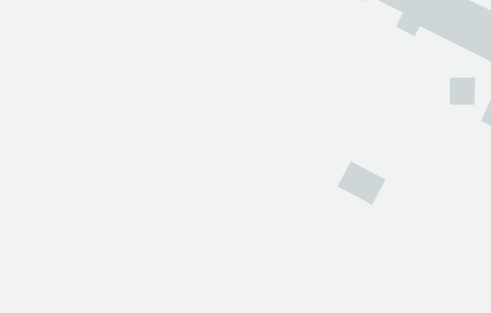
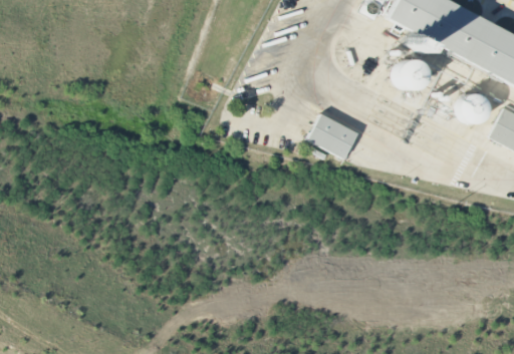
building: none -> [396,58,427,90]
building: [336,161,386,206] -> [310,113,360,158]

